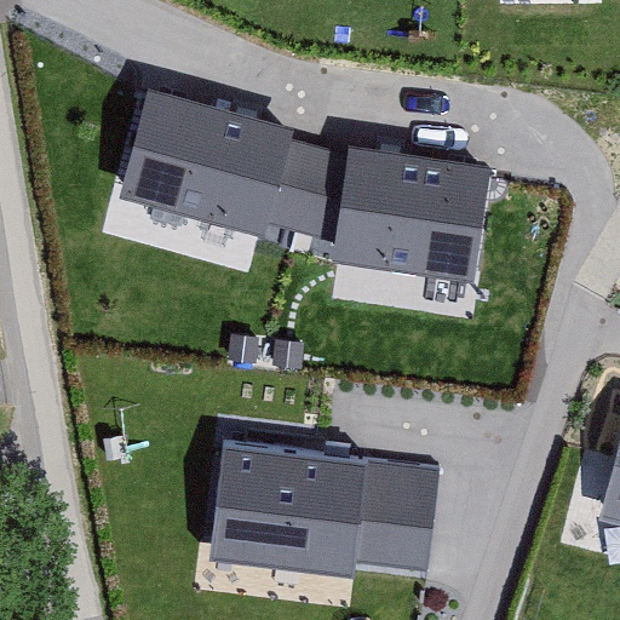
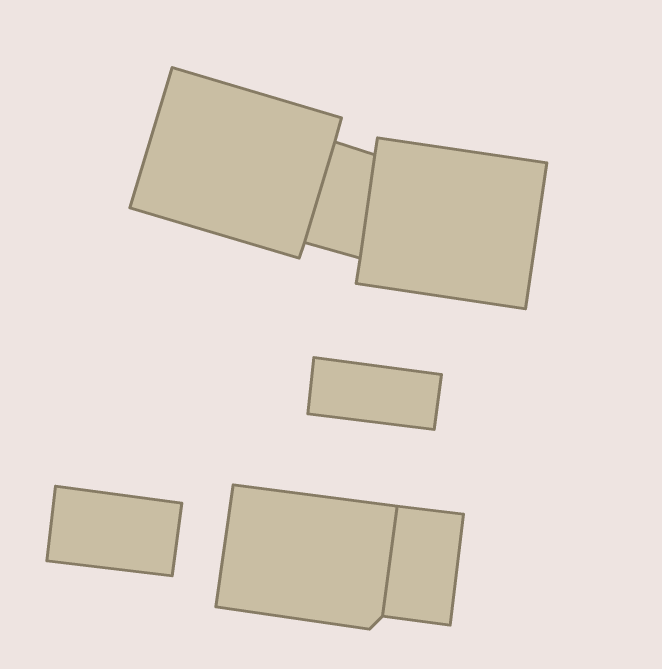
building: none -> [308,357,442,430]
building: none -> [47,486,182,576]

